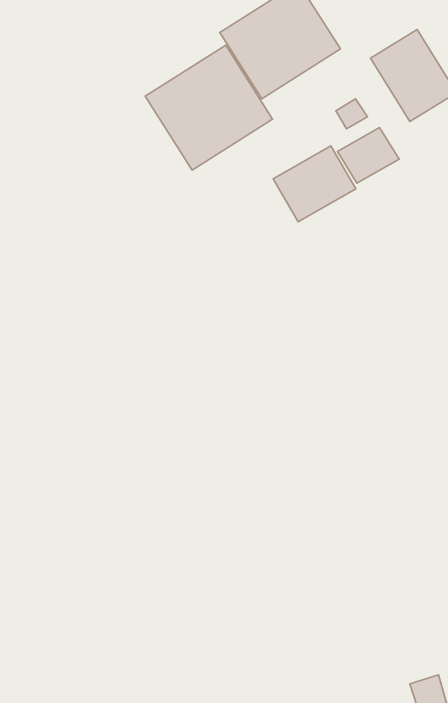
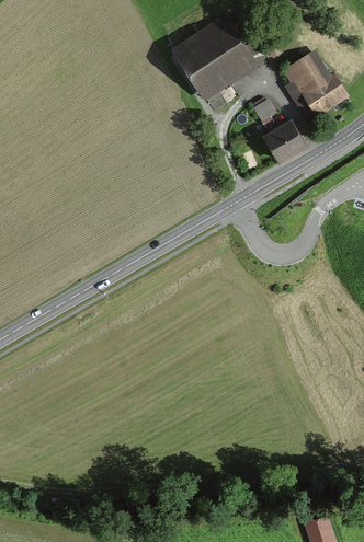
building: [145,45,273,170] -> none
building: [273,146,356,222] -> none

